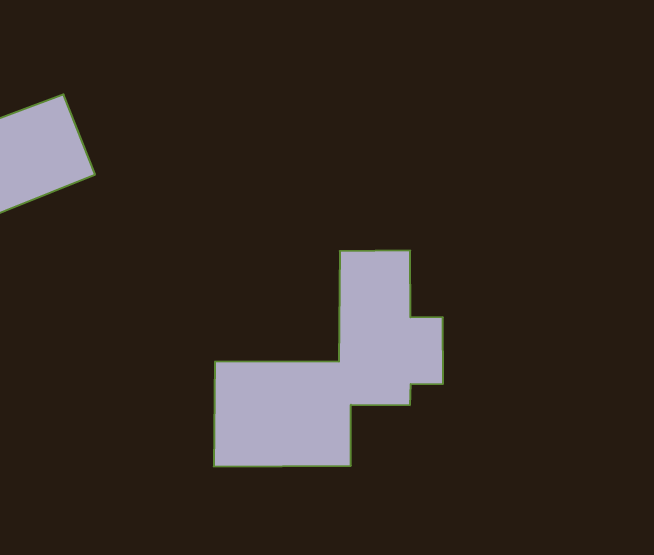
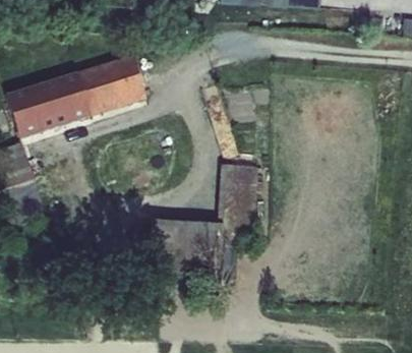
building: none -> [80,51,149,112]

